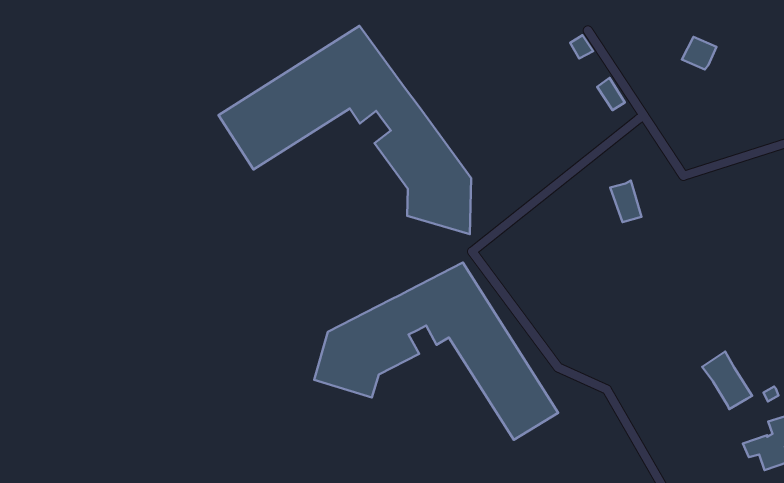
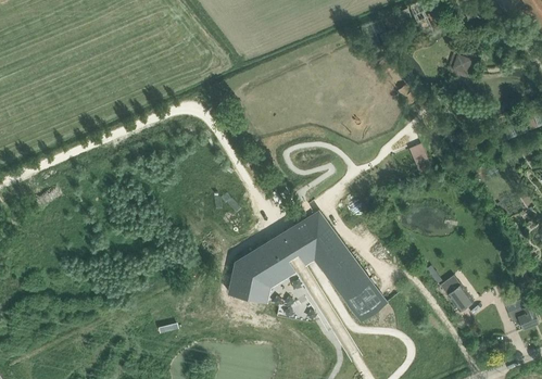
building: [218,26,471,234] -> none
building: [702,352,752,409] -> [439,276,472,313]

